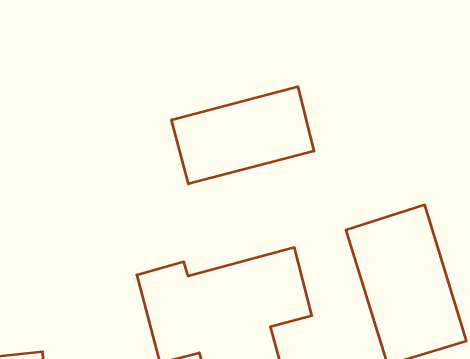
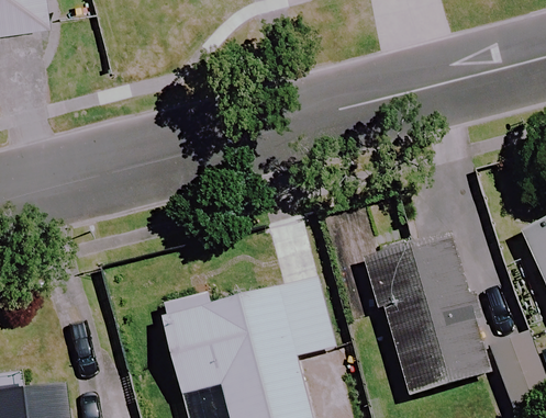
building: [172,87,314,184] -> none

